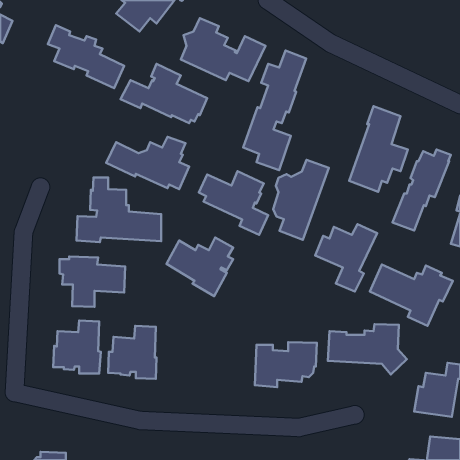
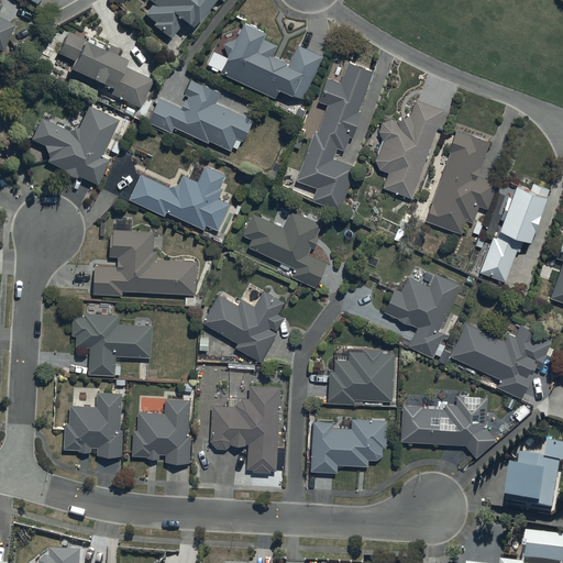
building: none -> [32,106,119,186]
building: [273,160,329,240] -> [376,100,444,198]
building: none -> [329,347,393,402]
building: none -> [211,385,280,473]

